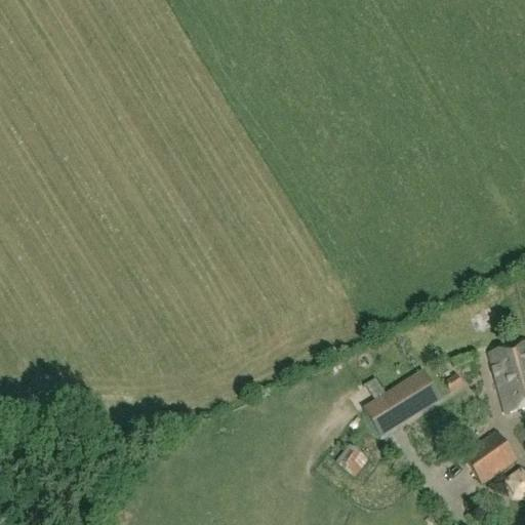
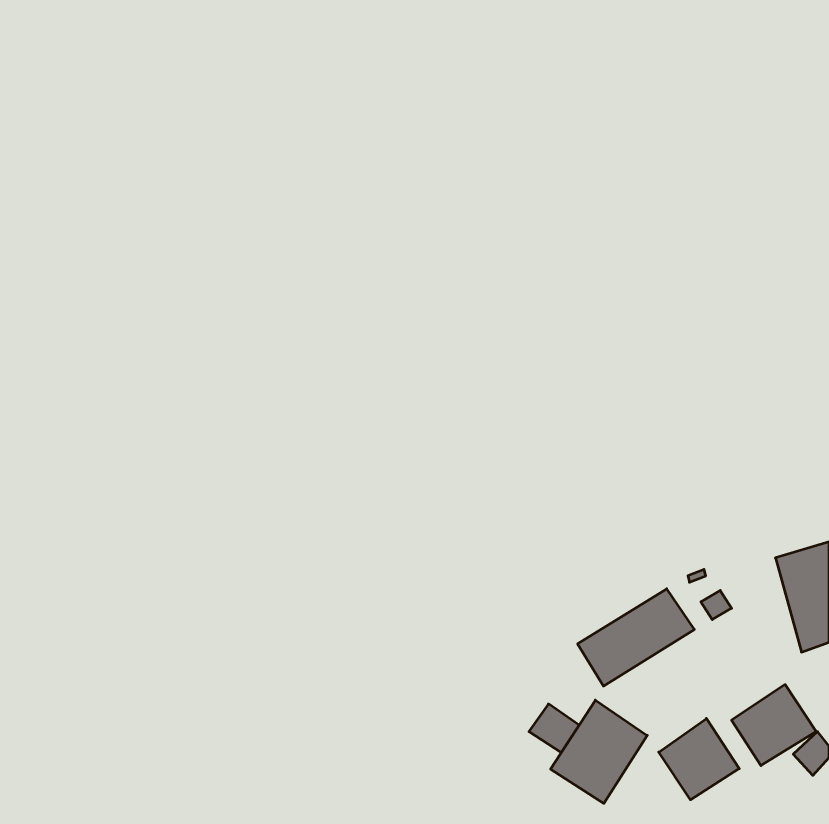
building: none -> [551,700,647,803]
building: none -> [659,718,739,800]

